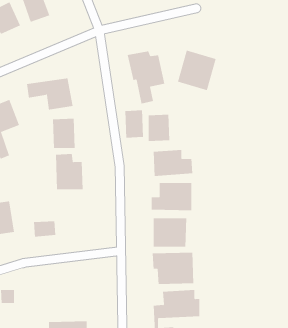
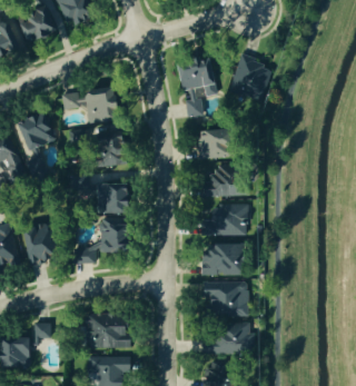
building: [125,109,143,139] -> none
building: none -> [101,219,123,251]
building: none -> [86,314,127,348]

